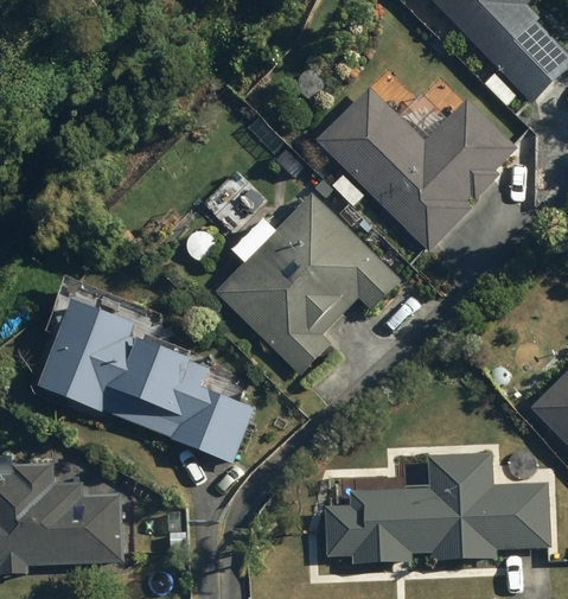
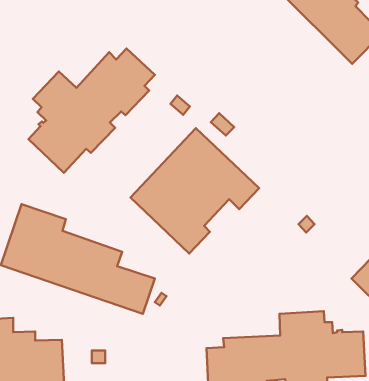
building: none -> [28,48,155,173]
building: [314,85,517,249] -> none

